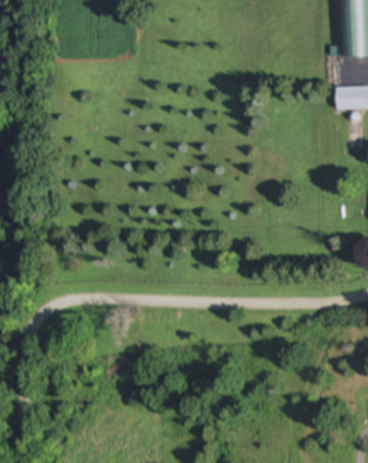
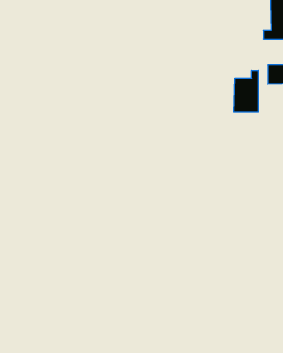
building: none -> [234,70,258,112]

